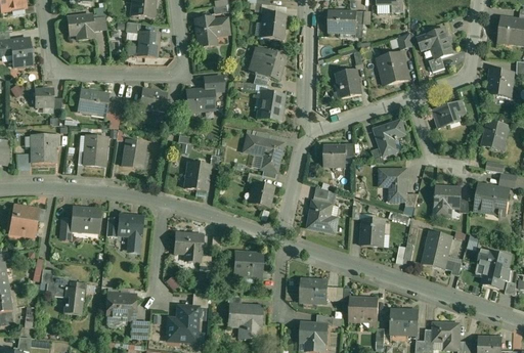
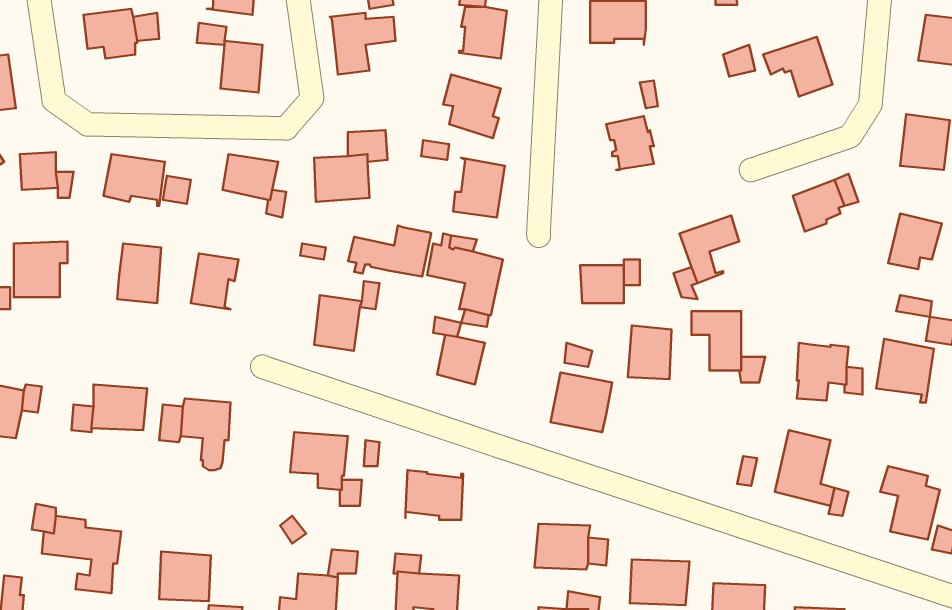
building: [377,50,408,84] -> none
building: none -> [348,225,431,276]
building: [360,218,383,246] -> [628,325,671,379]

